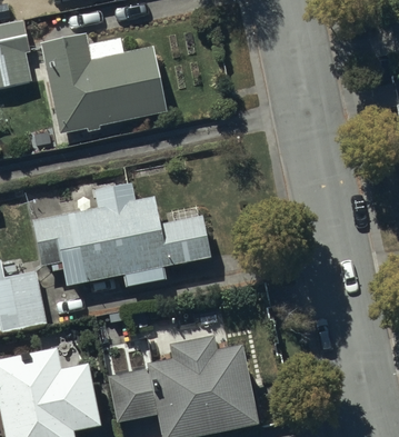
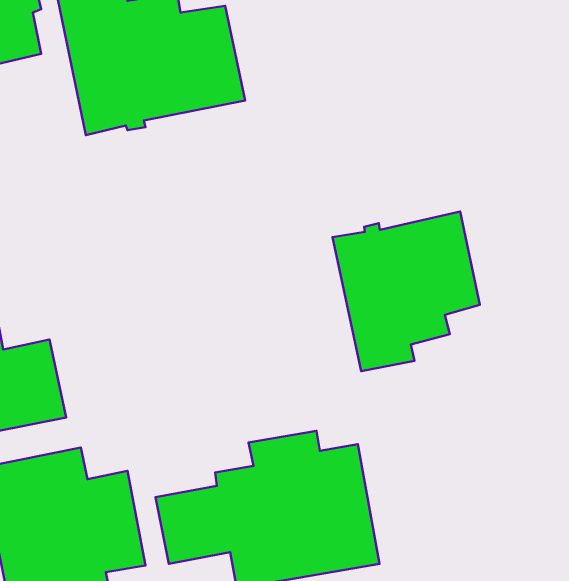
building: [34,182,211,287] -> none
building: none -> [333,211,480,371]

